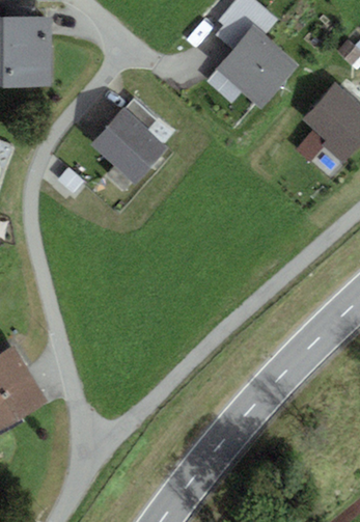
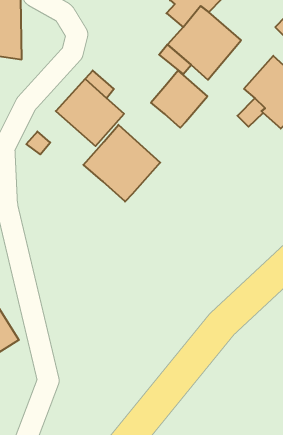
building: none -> [151,71,207,128]
building: none -> [83,125,160,202]

